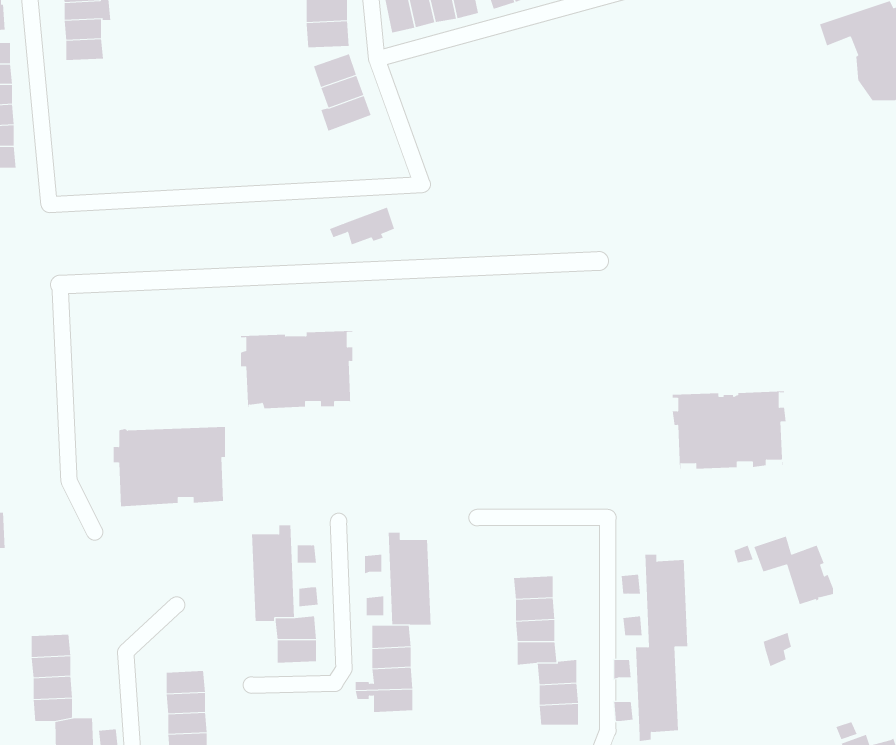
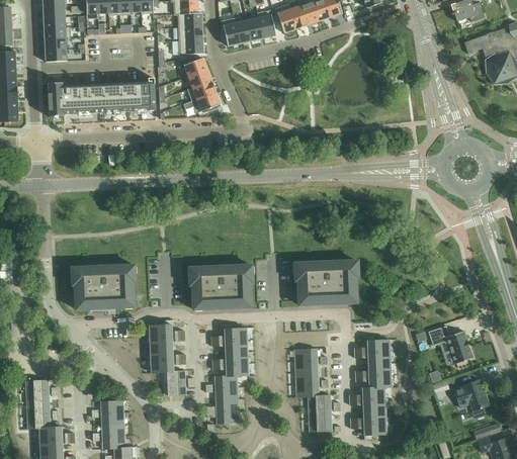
building: none -> [47,78,156,116]
building: [329,207,395,245] -> [183,92,220,113]
building: [240,331,353,411] -> [189,265,252,309]
building: [672,391,787,469] -> [294,261,358,304]
building: none -> [453,380,489,419]

